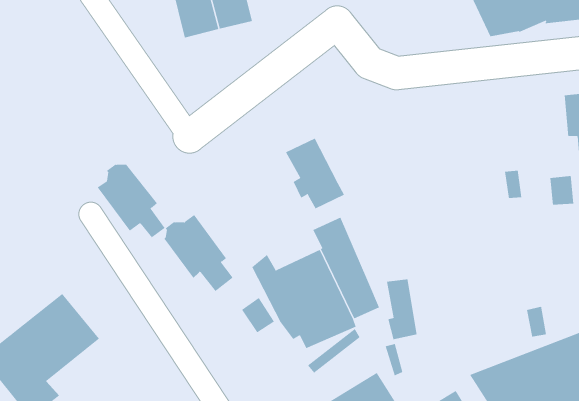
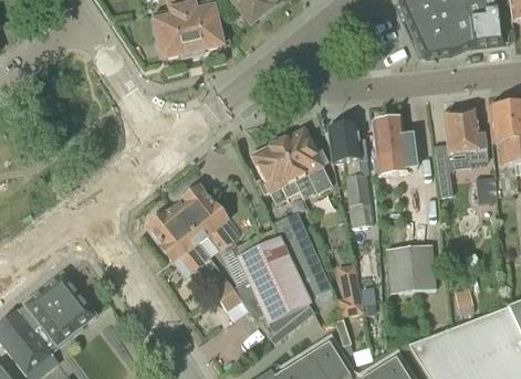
building: none -> [445,109,487,159]
building: none -> [373,116,416,169]
building: none -> [327,120,374,224]
building: none -> [277,128,331,191]
building: [97,163,166,238] -> [174,186,232,250]
building: none -> [388,242,437,291]

